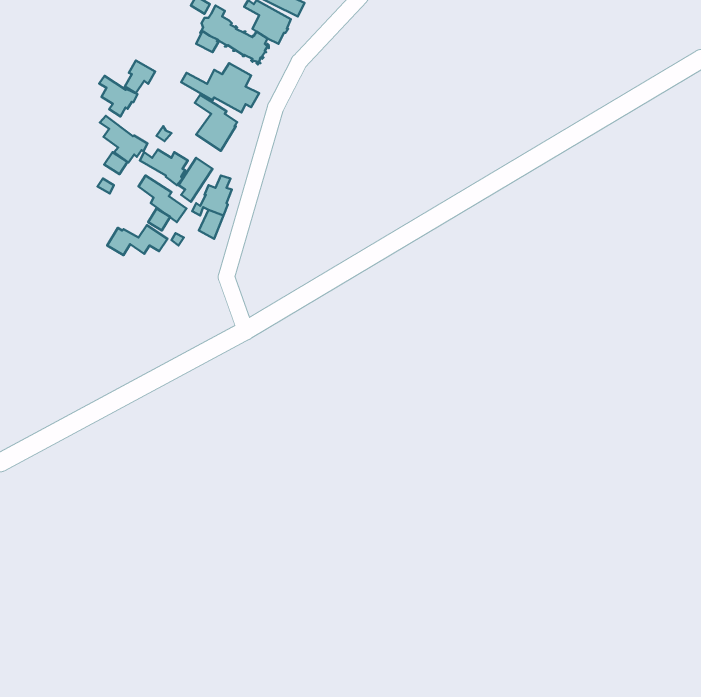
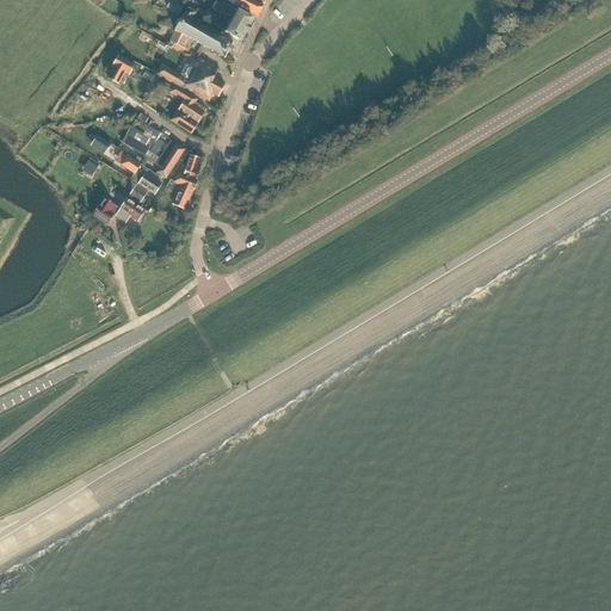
building: [99,76,137,116] -> none
building: [100,116,148,163] -> none

